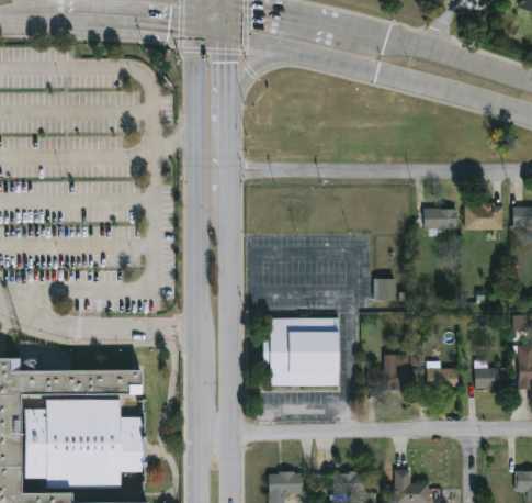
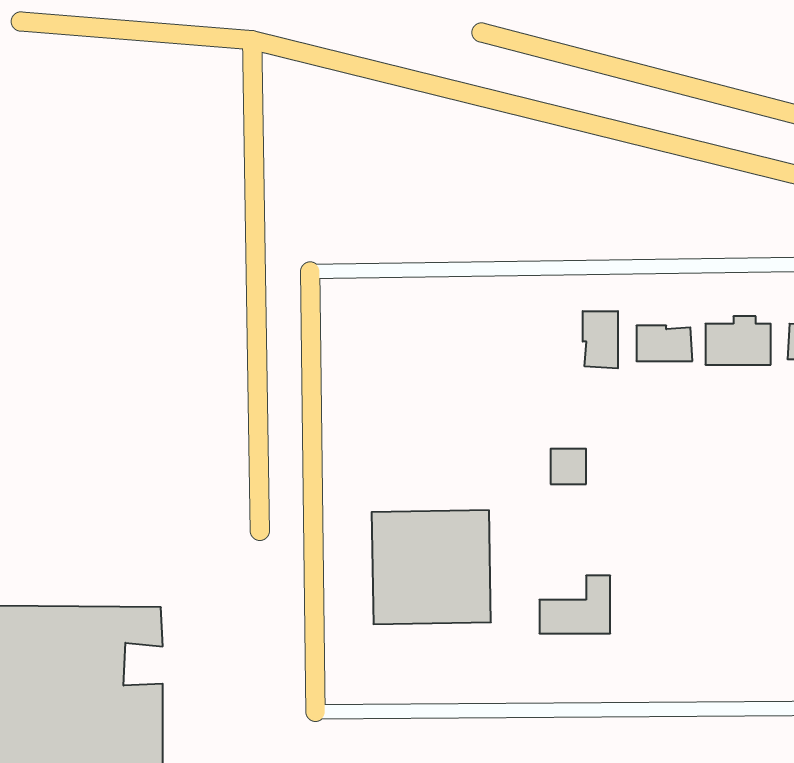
building: none -> [583,311,618,368]
building: [474,367,507,388] -> none
building: [427,368,457,388] -> none

